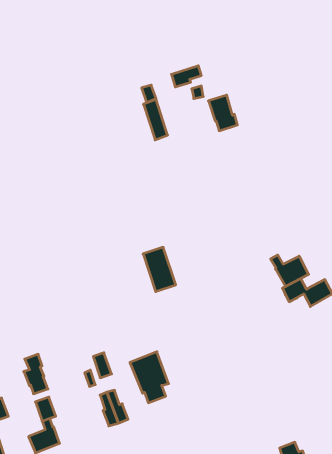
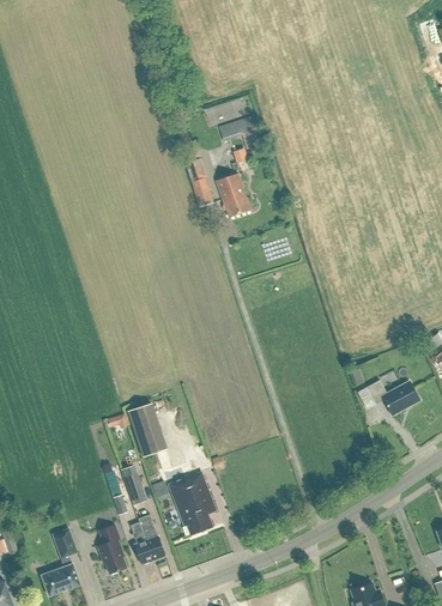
building: [208,95,237,131] -> [216,172,252,217]
building: [143,247,176,292] -> [126,401,166,456]
building: [271,255,309,287] -> none
building: [24,354,48,394] -> [97,523,127,572]

